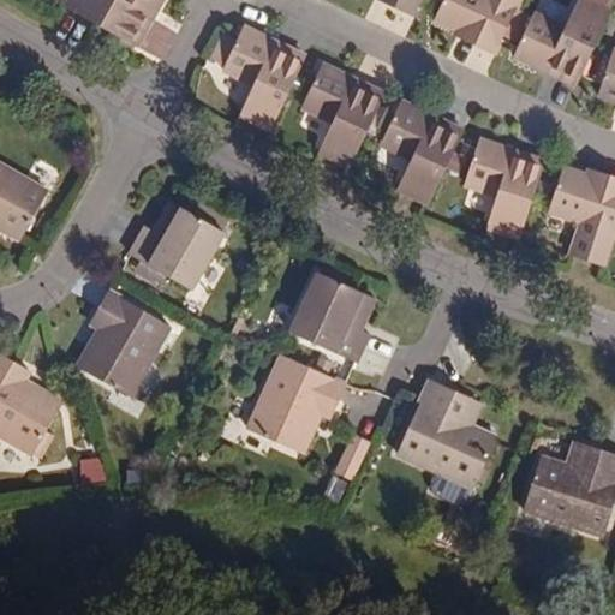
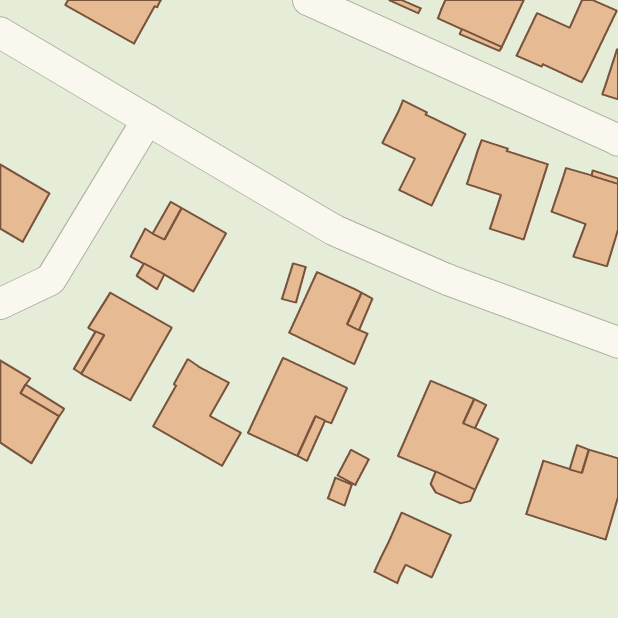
building: [210,26,304,129] -> none
building: [301,64,383,167] -> none
building: none -> [153,359,241,466]
building: none -> [374,513,451,583]

